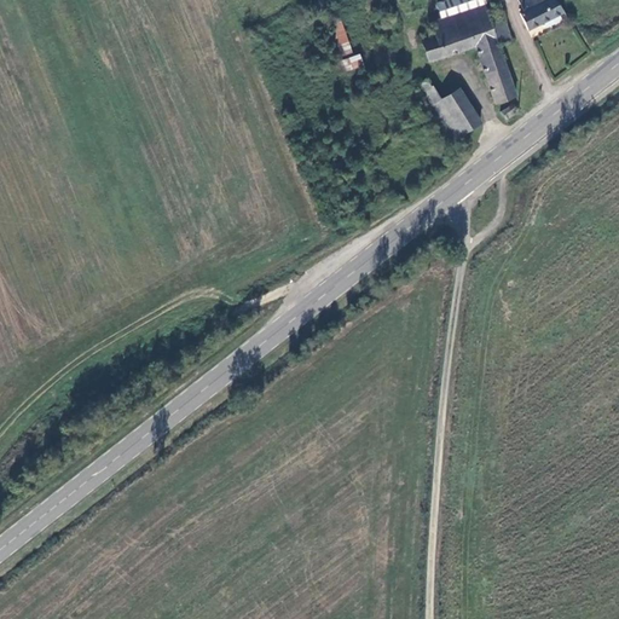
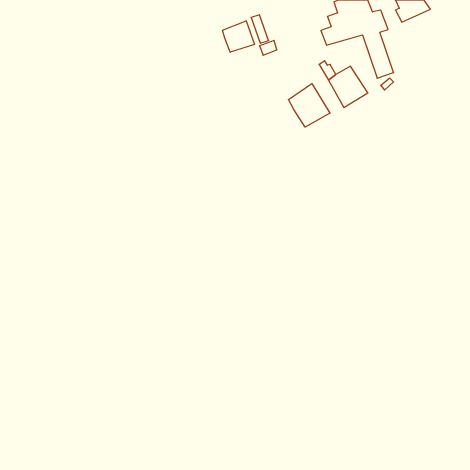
building: none -> [223,21,255,52]
building: none -> [288,84,330,127]

